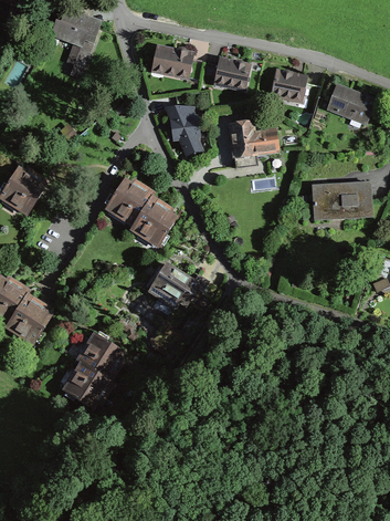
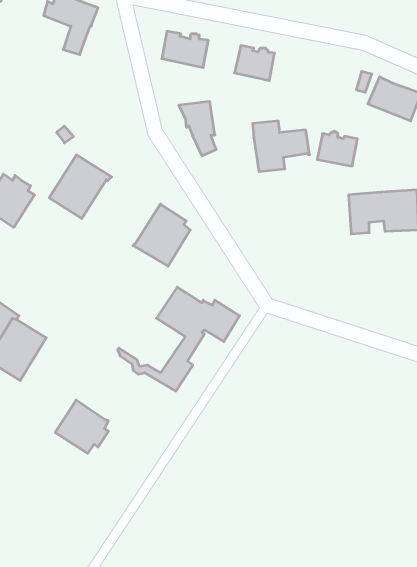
building: [272,70,306,100] -> [317,131,357,166]
building: [103,173,156,227] -> [49,155,112,219]
building: [76,331,122,377] -> none

